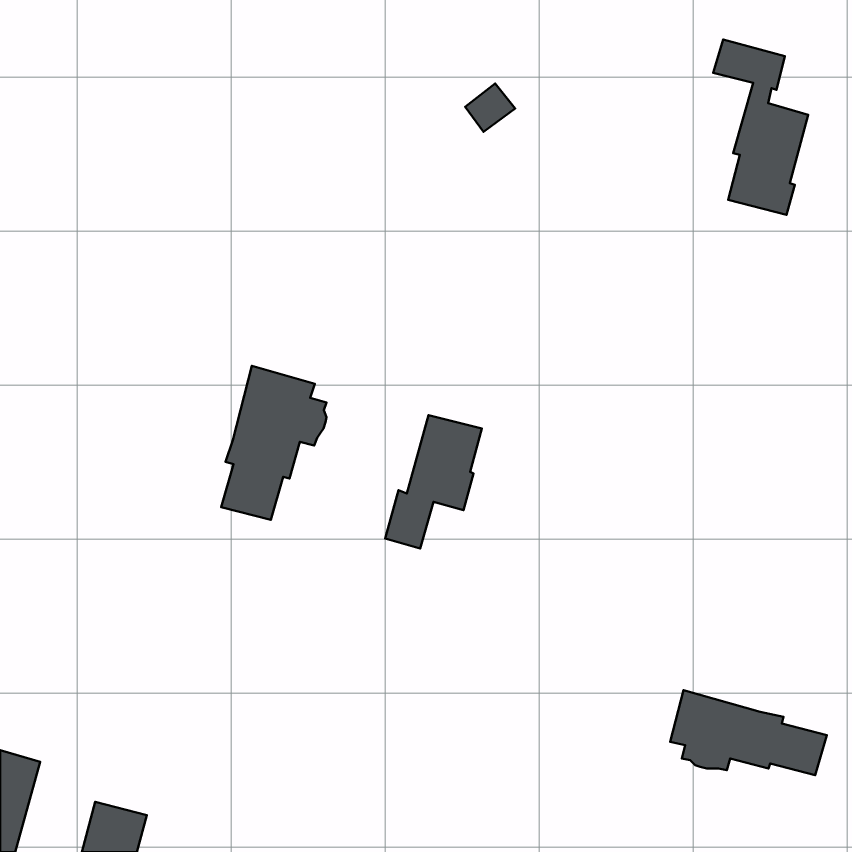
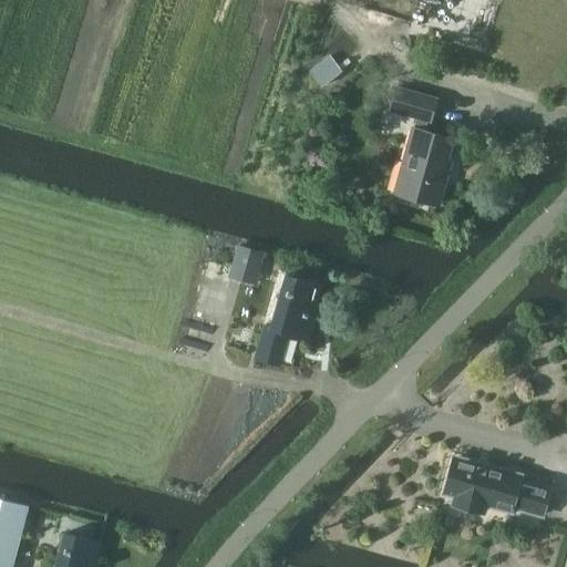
building: [713,40,808,215] -> [388,90,451,206]
building: [221,366,327,520] -> none
building: none -> [229,246,266,285]

